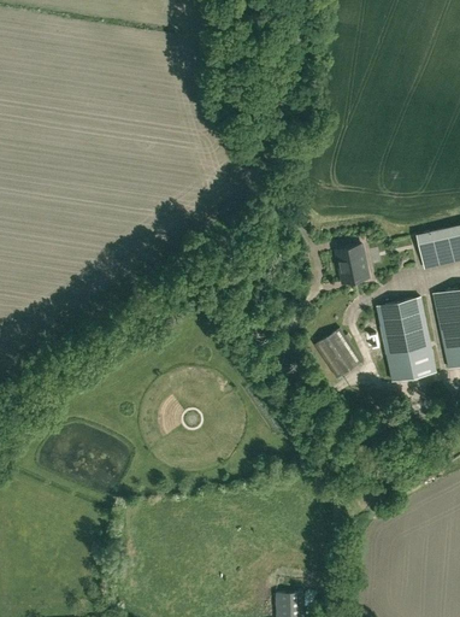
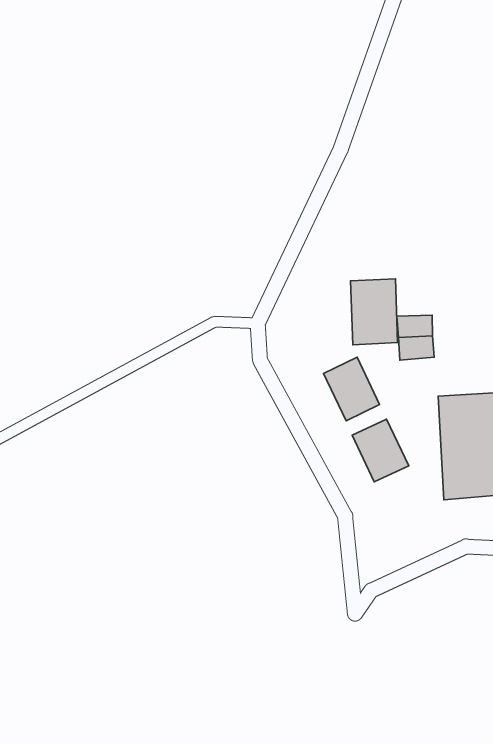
building: none -> [350,279,398,345]
building: none -> [324,357,380,421]

